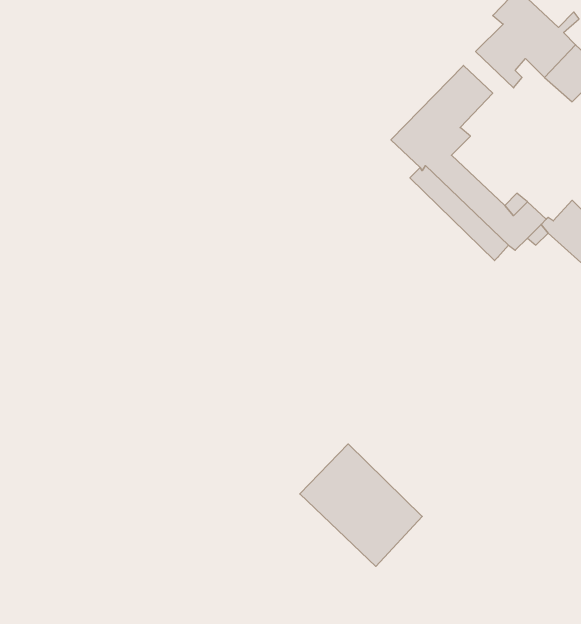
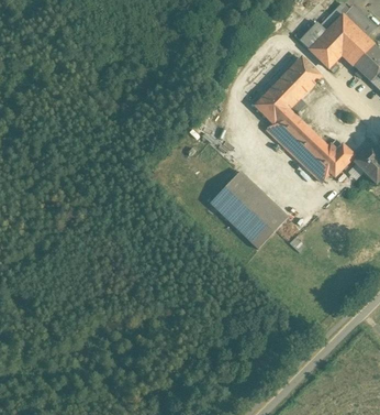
building: [300,444,422,566] -> [209,171,287,249]

